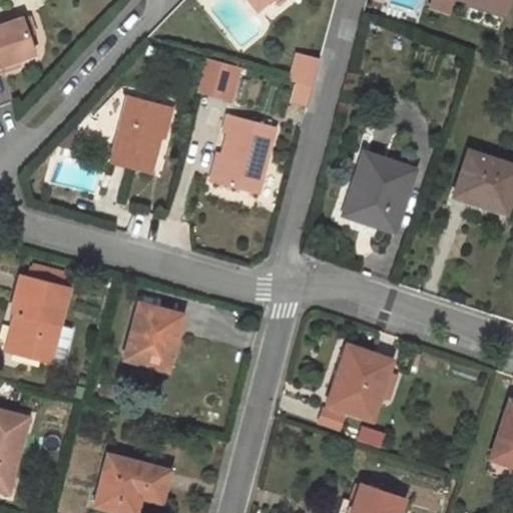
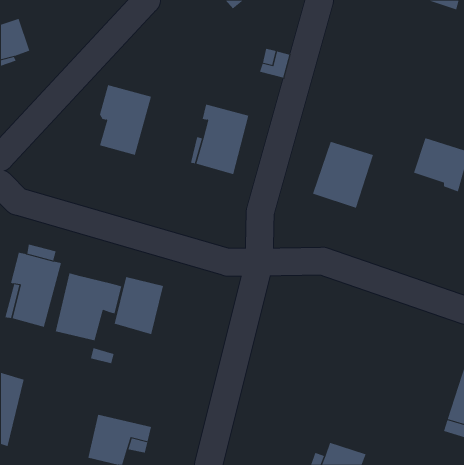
building: [192,56,241,104] -> none
building: none -> [55,273,122,341]
building: [330,348,393,420] -> none

